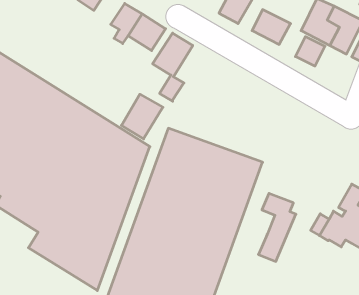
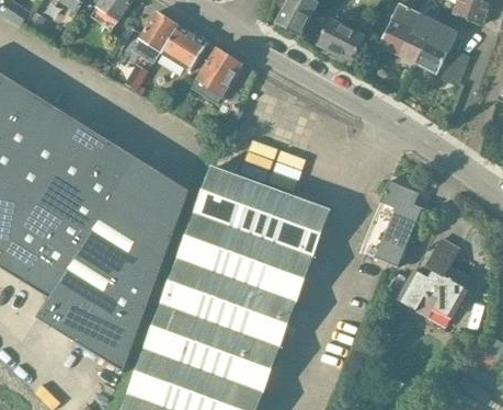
building: [295,37,325,66] -> none
building: [121,94,163,139] -> none
building: [258,193,296,261] -> [375,180,422,265]

